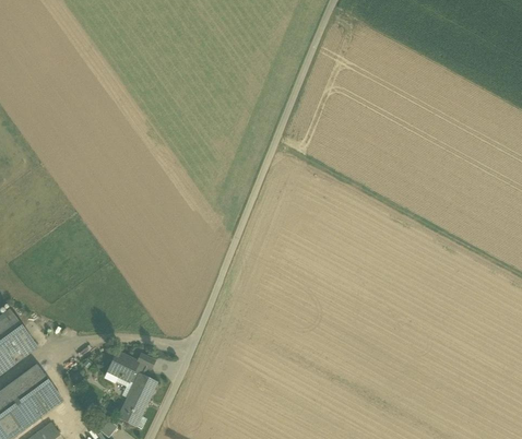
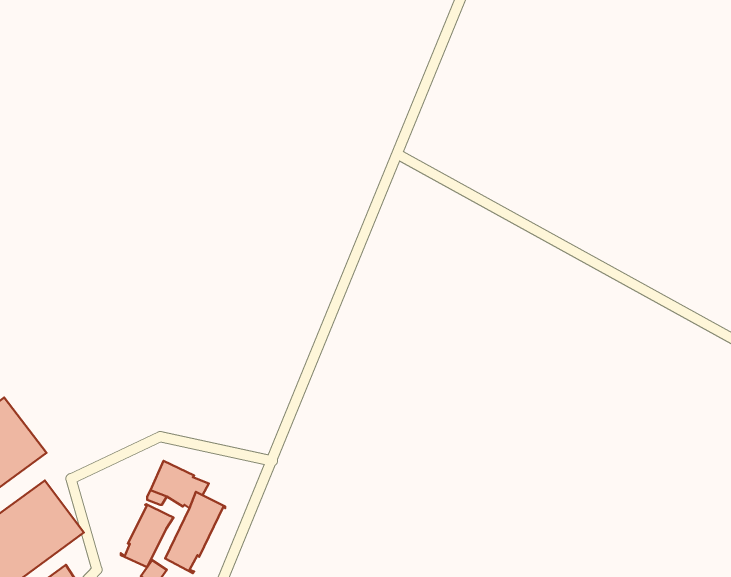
building: none -> [121,504,173,567]

